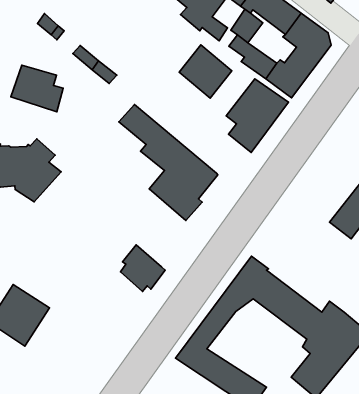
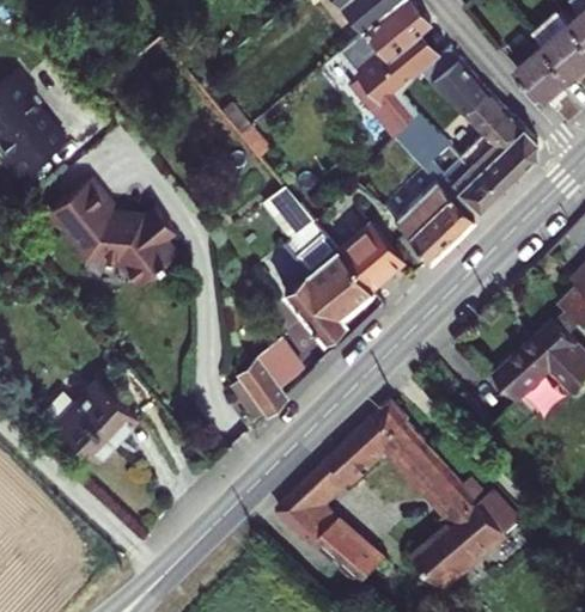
building: [179,45,232,98] -> [336,224,401,290]
building: [11,65,63,112] -> none
building: none -> [255,343,303,393]

